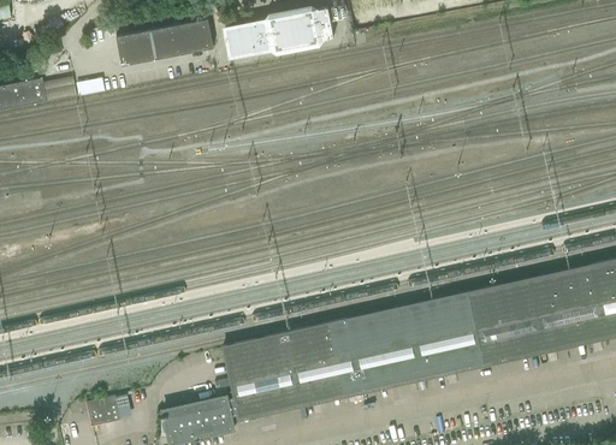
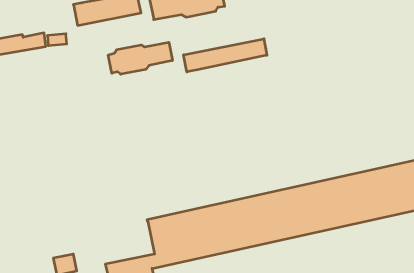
building: none -> [184,39,267,72]
building: none -> [108,42,172,74]

